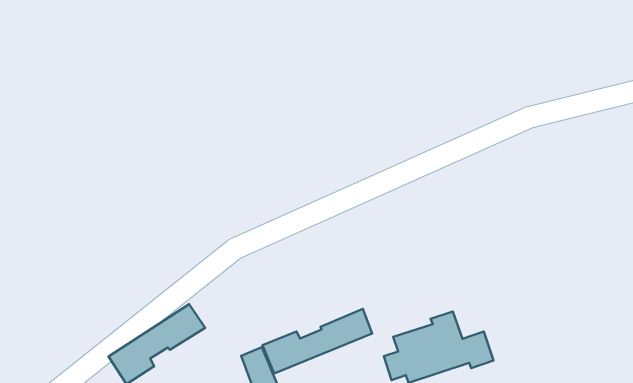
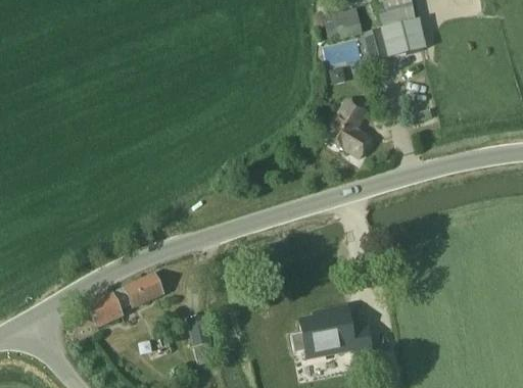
building: none -> [326,99,373,156]
building: [263,309,372,374] -> none

